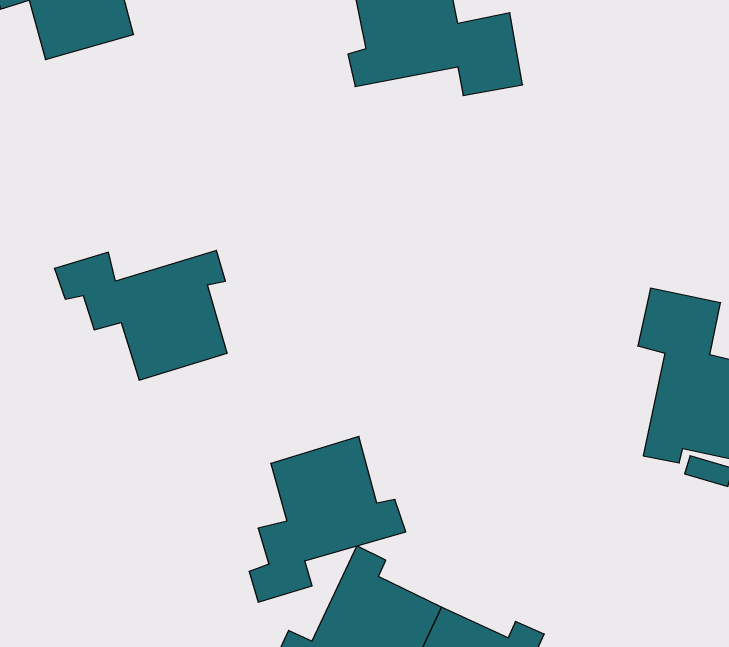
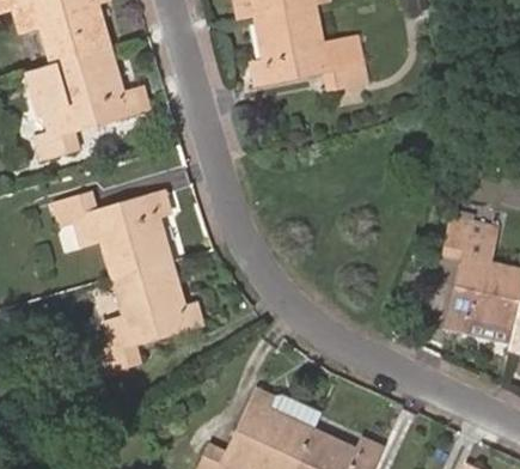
building: none -> [25,48,140,156]
building: [249,436,406,602] -> [98,260,202,370]

